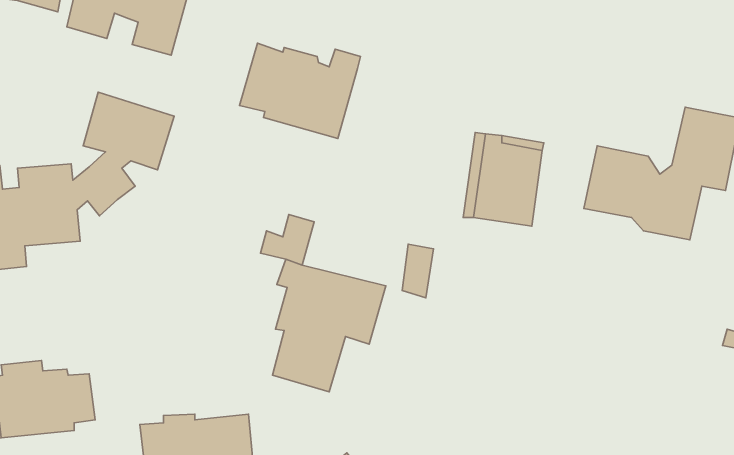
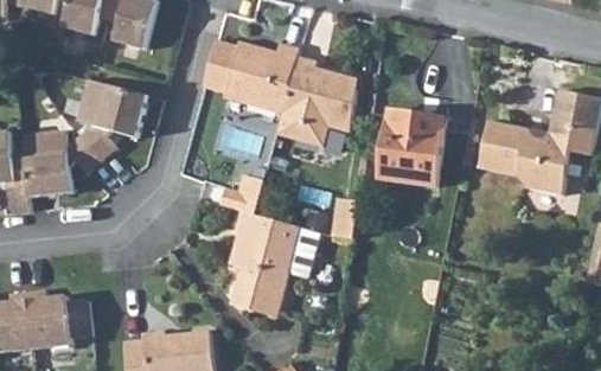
building: none -> [274,57,356,145]

